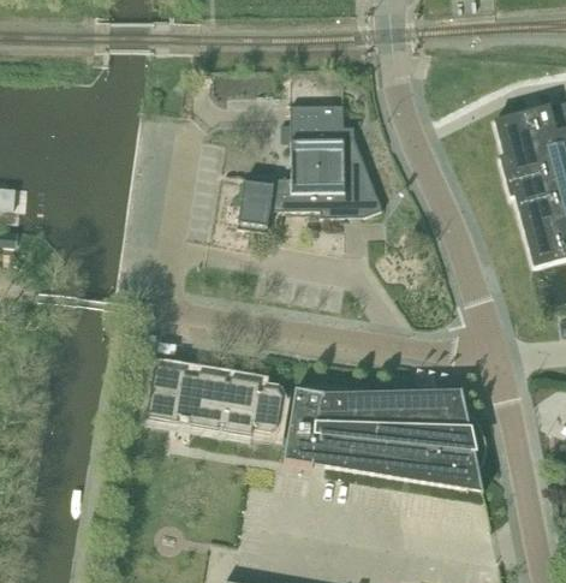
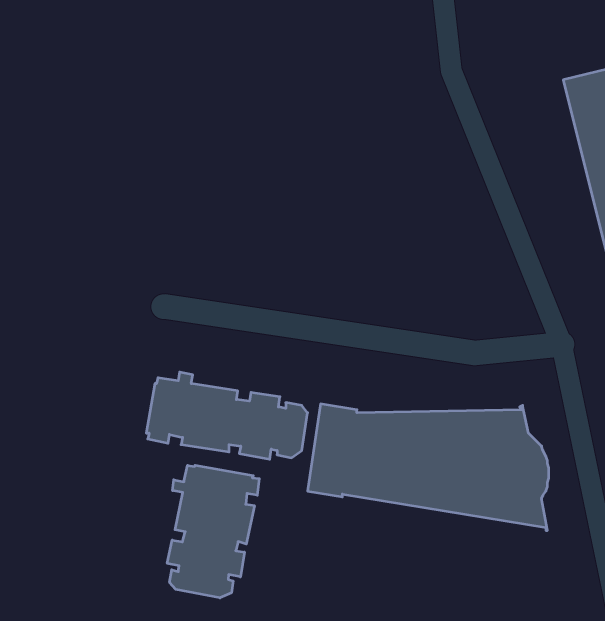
building: [237,105,382,232] -> none
building: none -> [167,465,259,598]

